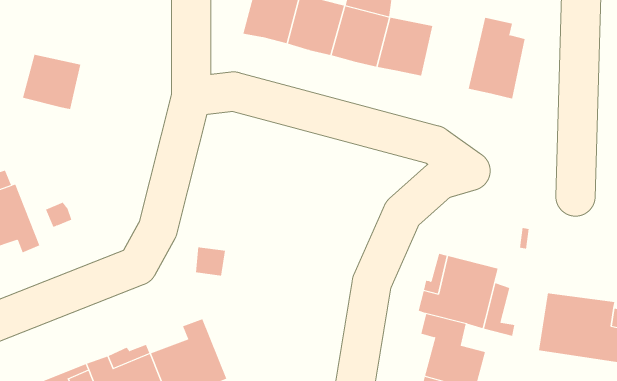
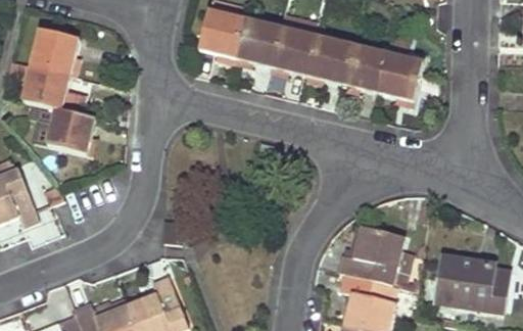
building: none -> [32,30,78,75]
building: none -> [341,44,387,94]
building: none -> [47,109,94,154]

